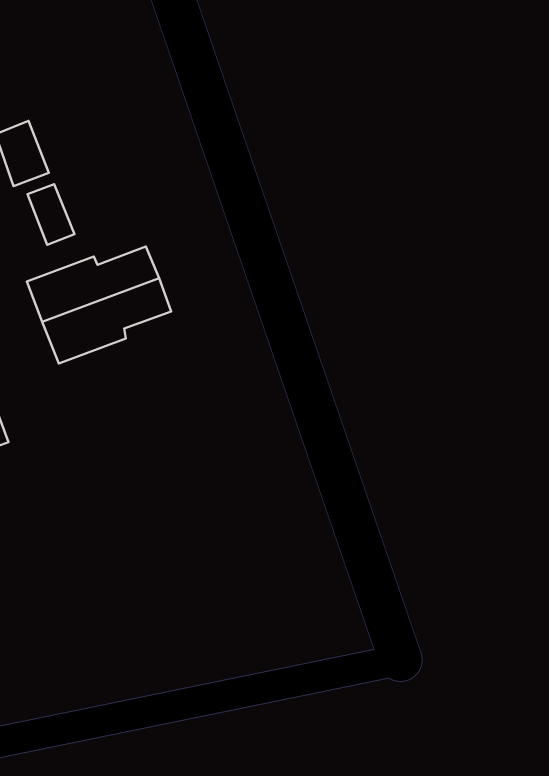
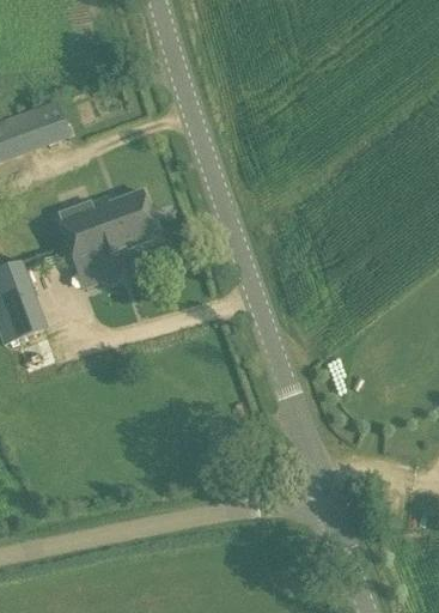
building: [28,184,75,245] -> none

